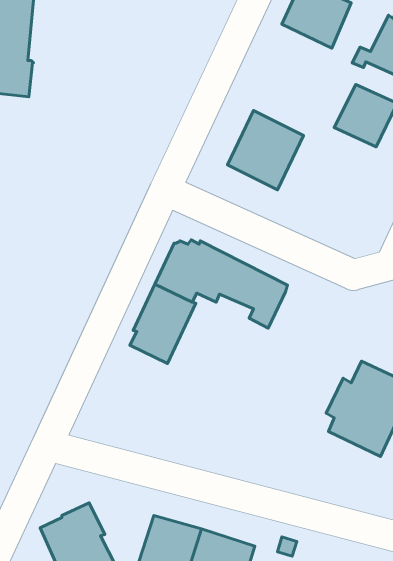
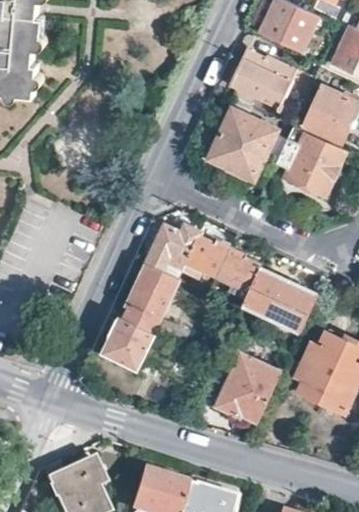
building: none -> [228,49,297,110]
building: none -> [276,125,346,195]
building: none -> [243,269,316,333]
building: none -> [104,315,156,374]
building: none -> [215,353,280,424]

